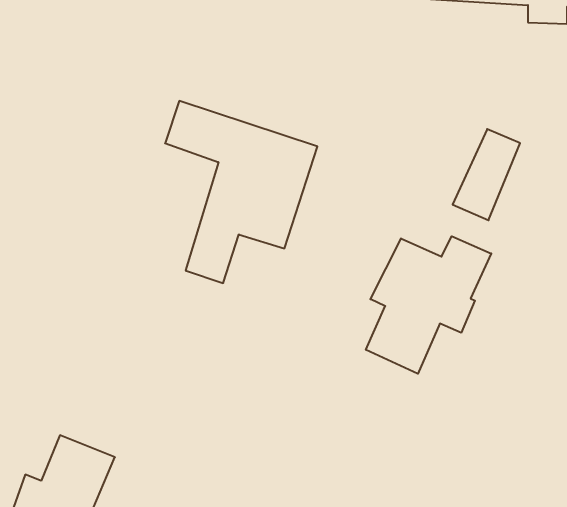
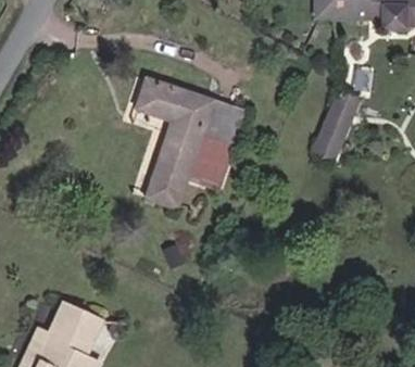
building: [366,236,491,374] -> none

